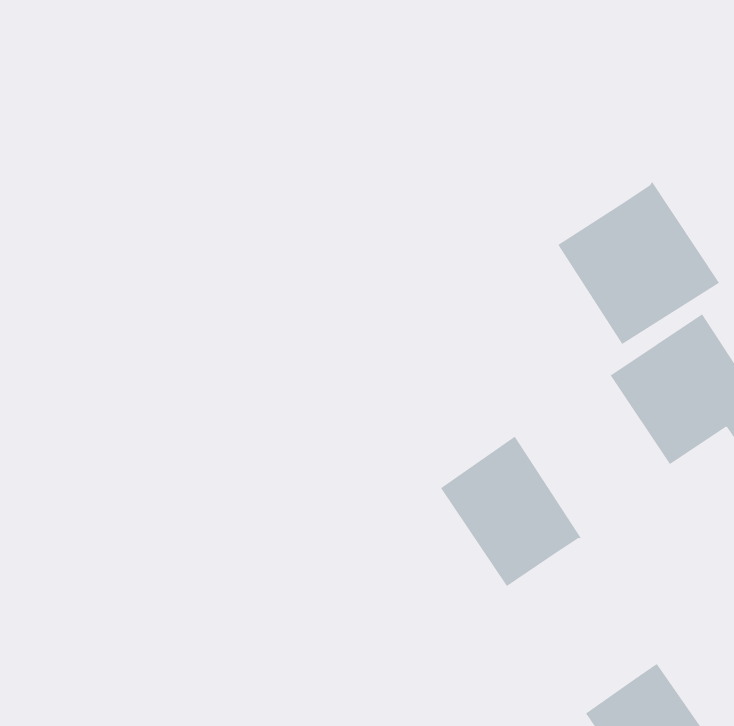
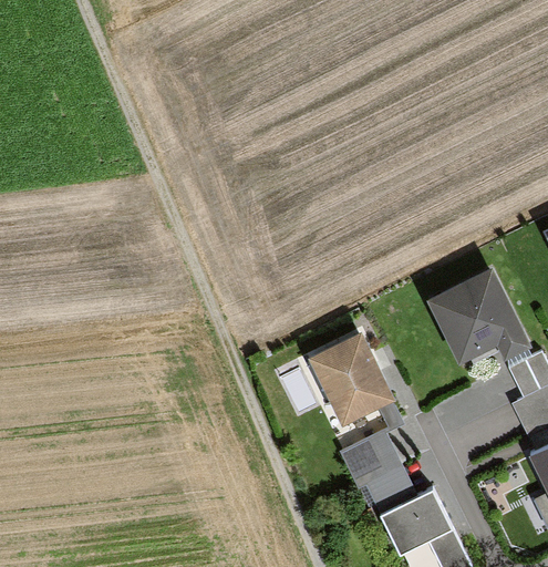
building: [557,181,720,345] -> none
building: none -> [338,403,418,516]

